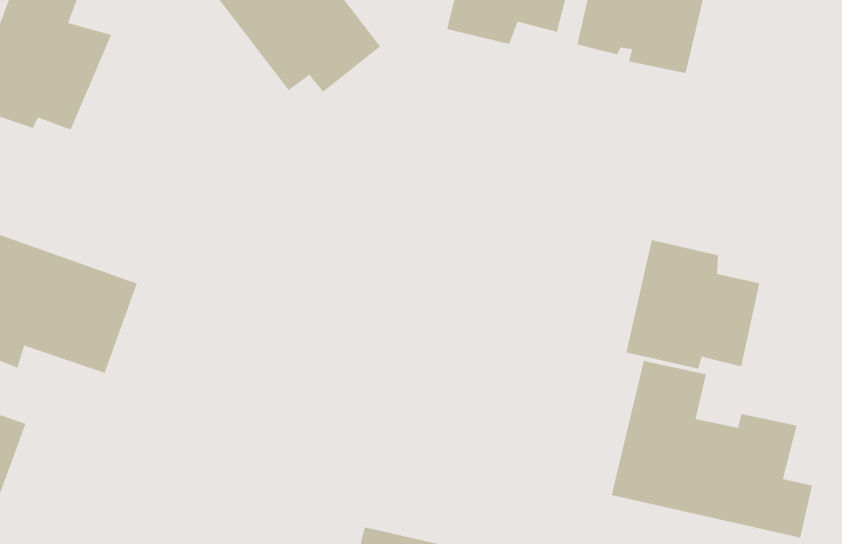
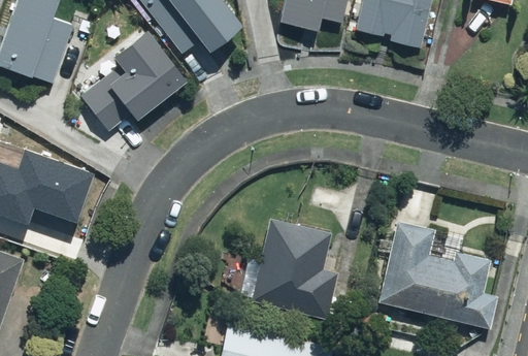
building: none -> [68,22,195,139]
building: [626,239,760,369] -> none
building: none -> [250,218,338,319]

